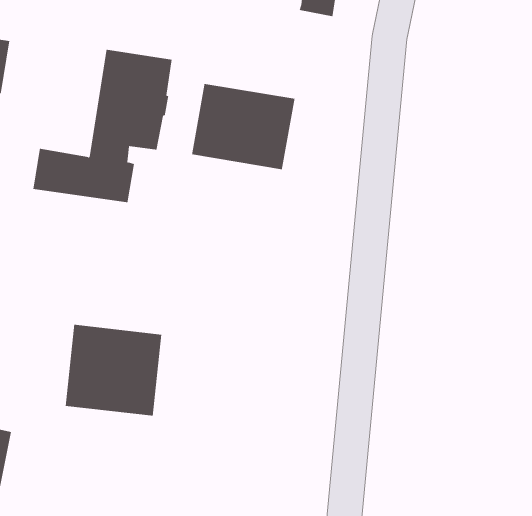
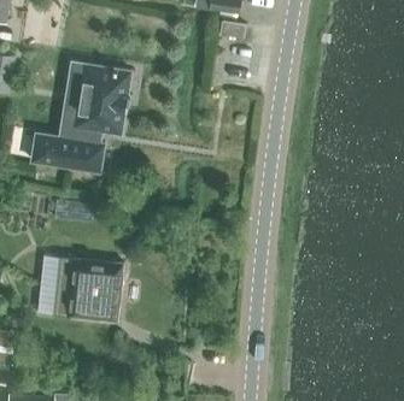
building: [191,83,295,170] -> none

